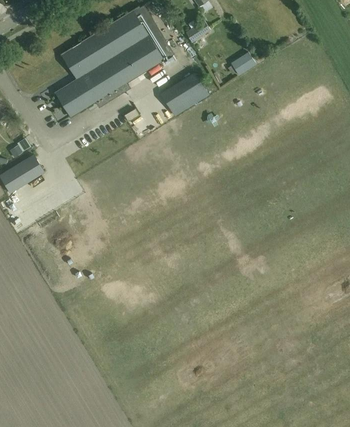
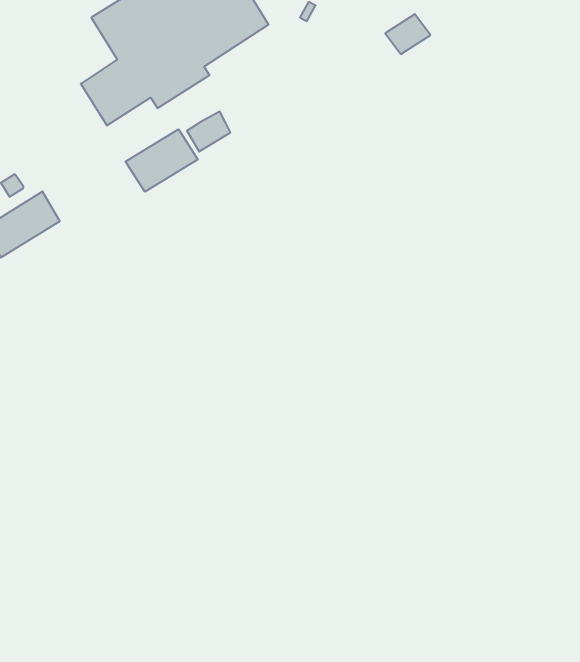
building: [161,71,206,110] -> none
building: none -> [126,129,198,192]

